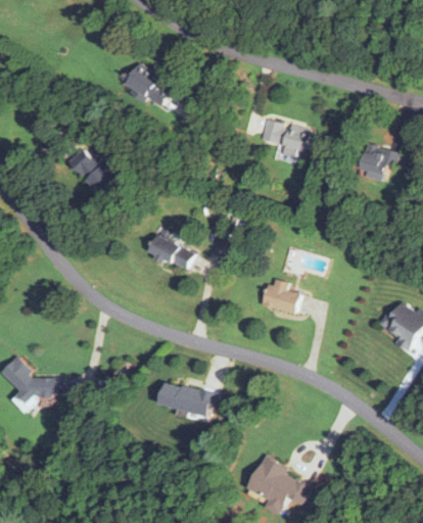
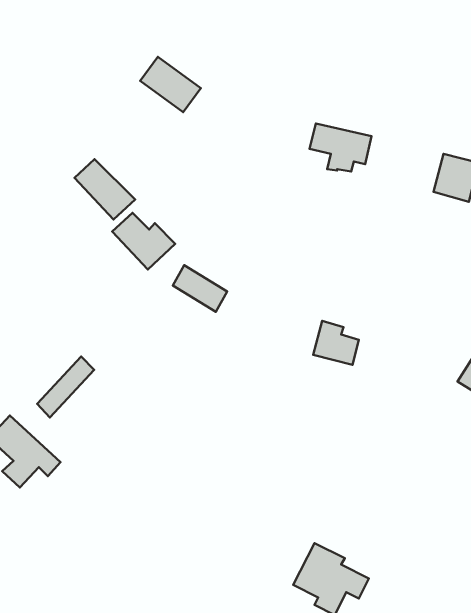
building: none -> [112,213,175,269]
building: none -> [37,356,94,417]
building: [159,382,214,416] -> none

